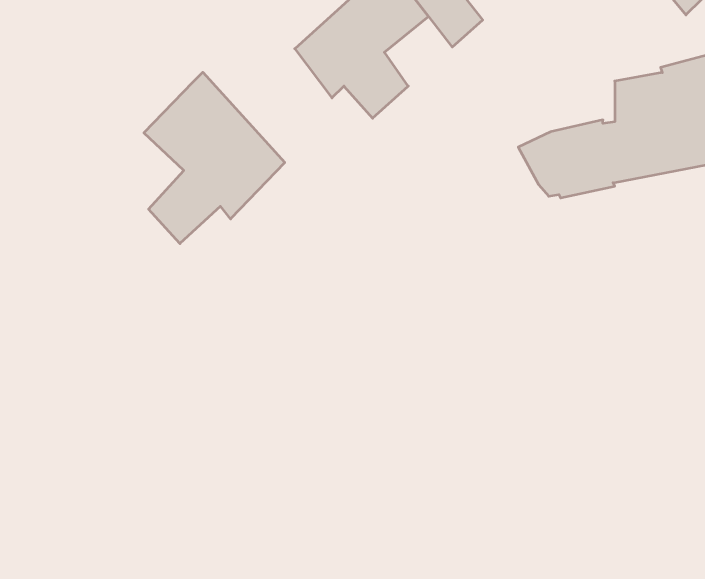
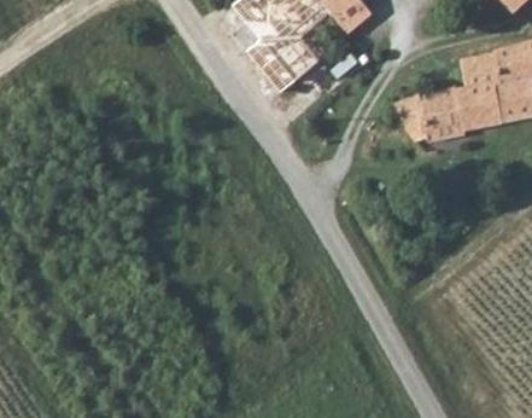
building: [144,72,285,244] -> none

